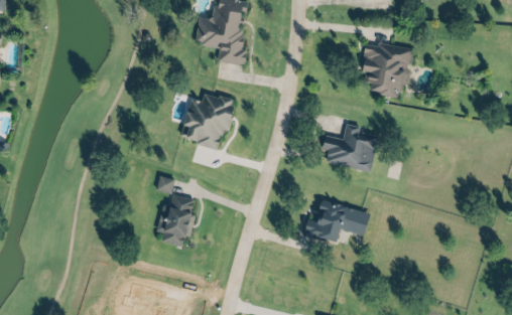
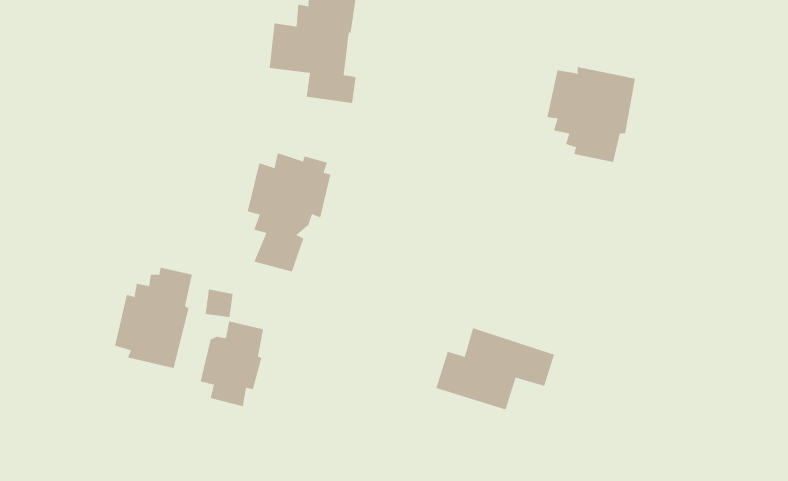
building: [326,121,379,169] -> none
building: none -> [114,267,192,369]

